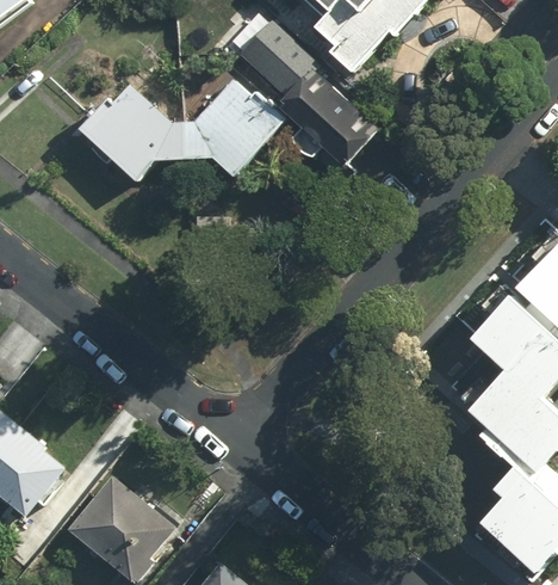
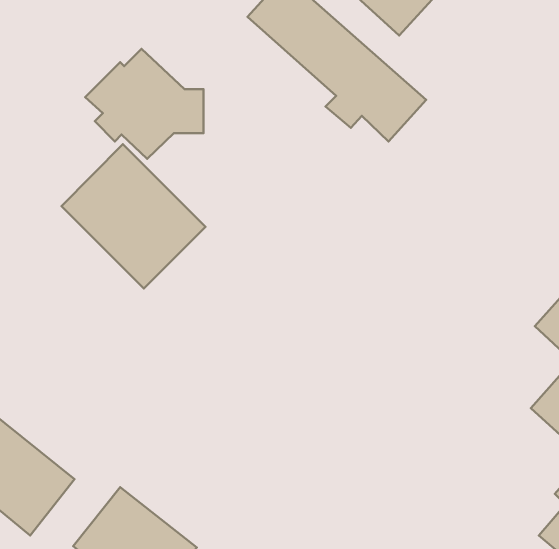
building: [184,78,284,180] -> none
building: none -> [61,144,205,289]

